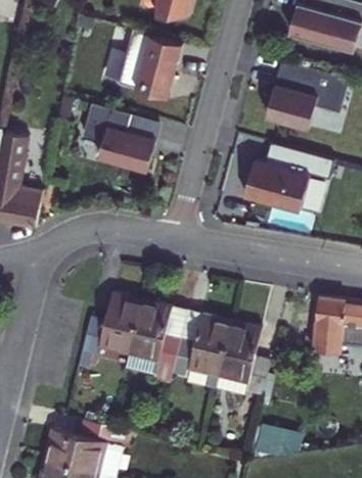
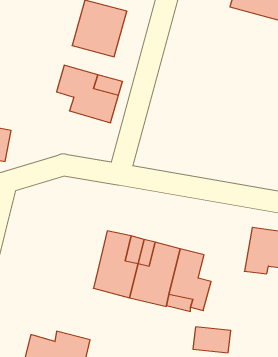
building: [255,59,337,128] -> none
building: [246,145,336,214] -> none
building: [83,295,145,369] -> none

